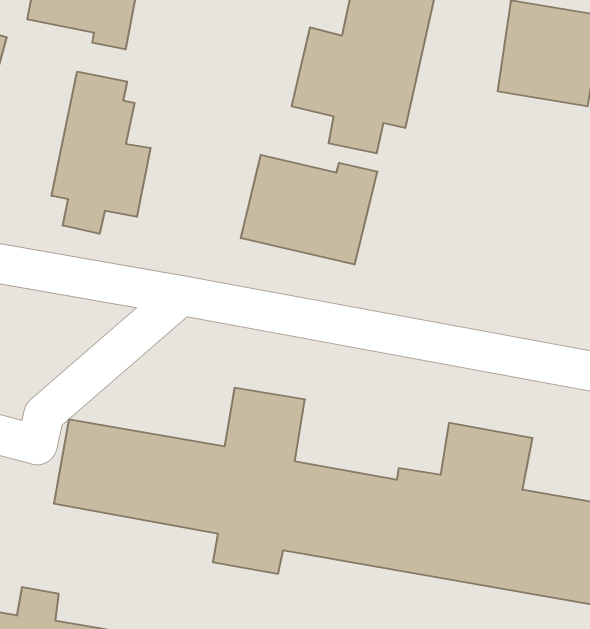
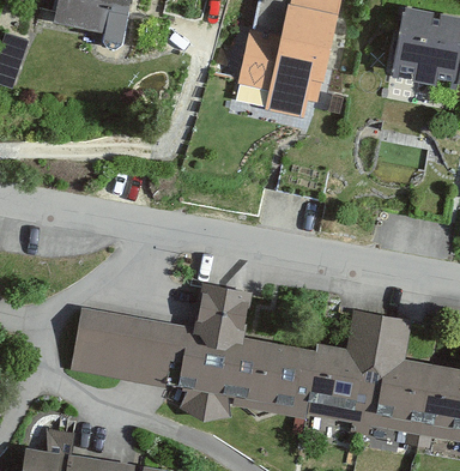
building: [52,72,151,234] -> none
building: [241,155,377,265] -> none

